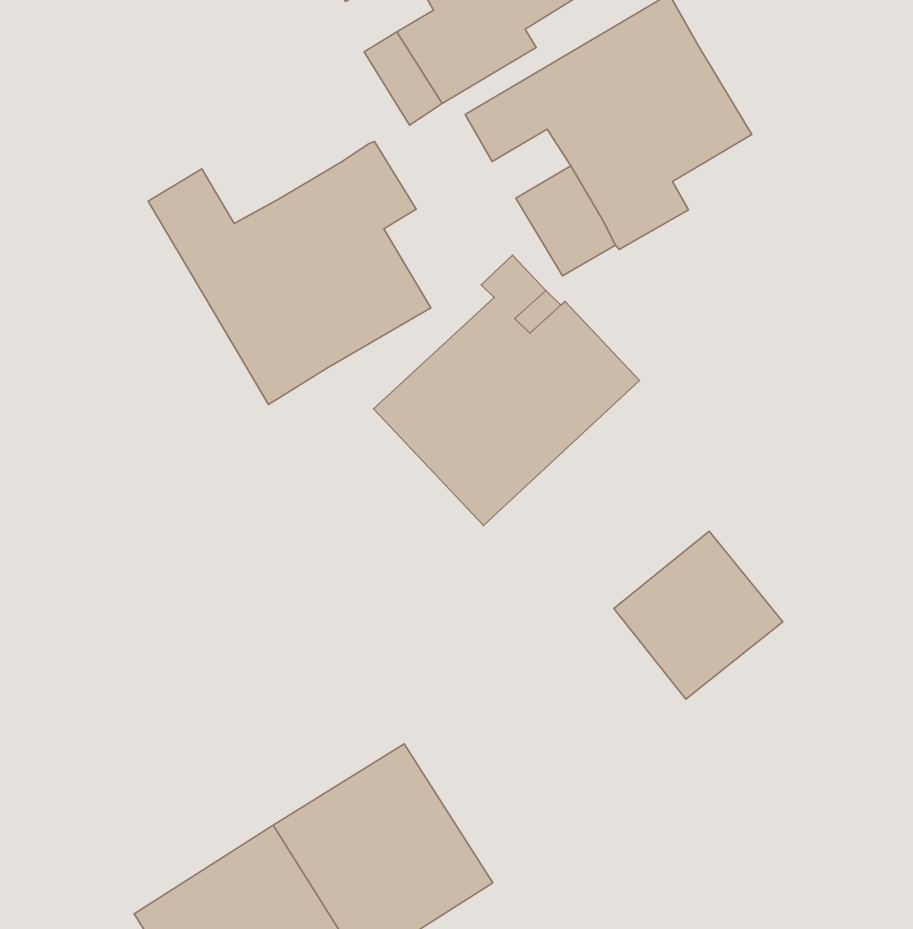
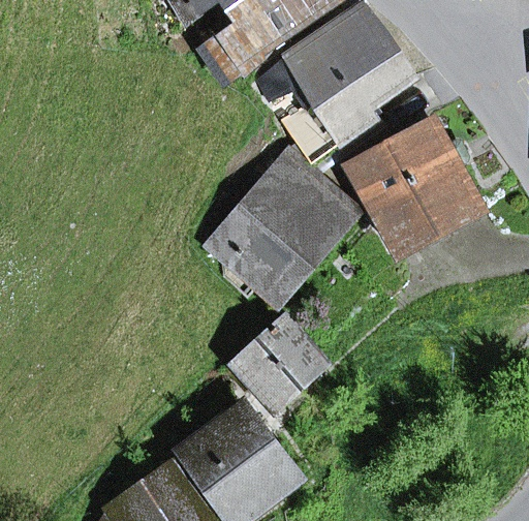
building: [148,142,431,404] -> none
building: none -> [348,119,477,252]
building: [614,531,783,699] -> [234,317,322,406]

